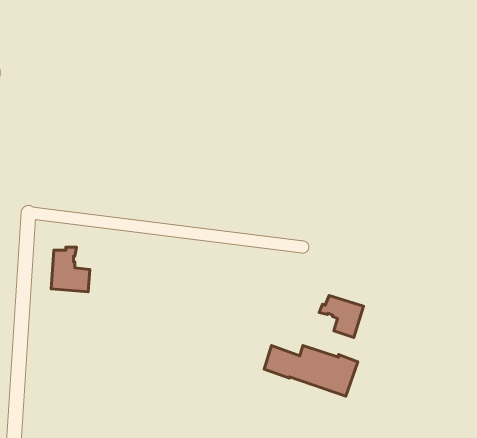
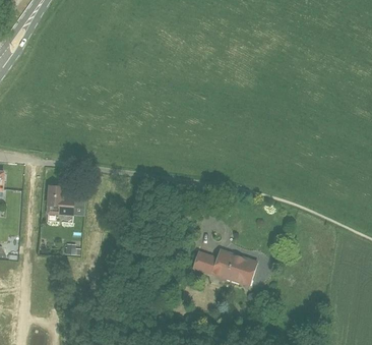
building: [319,295,363,337] -> none

